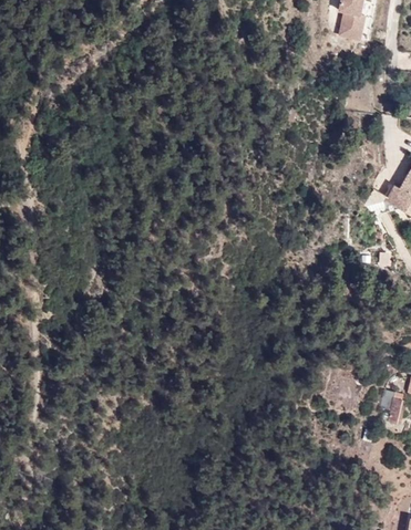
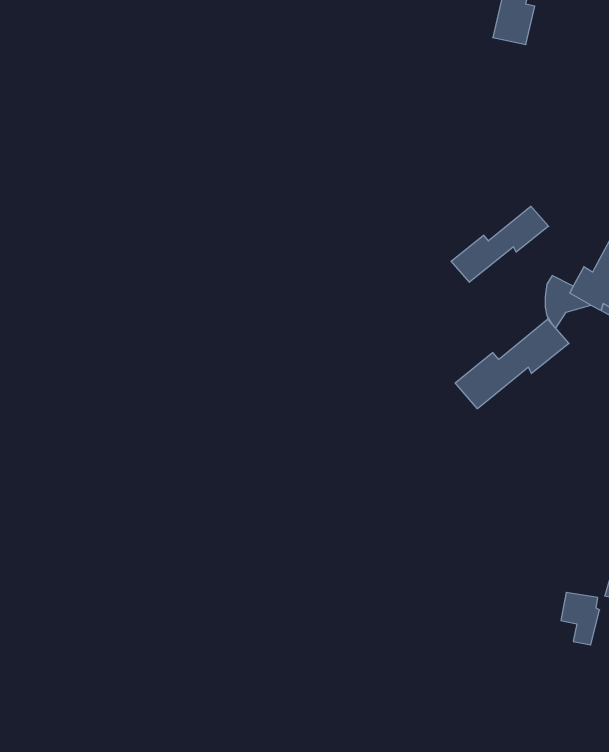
building: none -> [451,206,549,282]
building: none -> [455,319,569,409]

